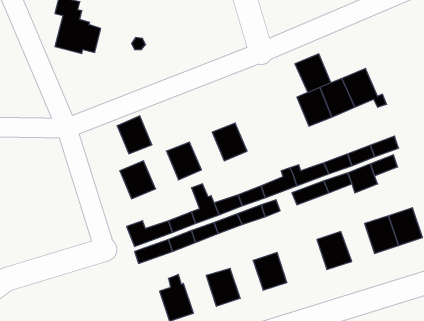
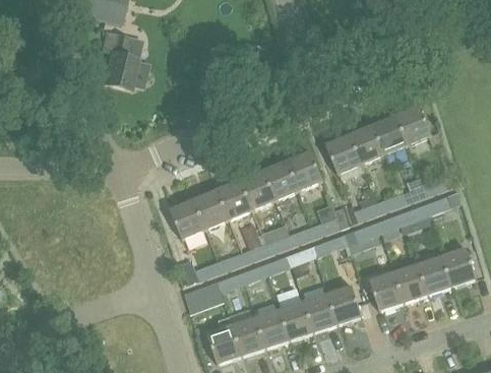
building: [295,54,331,93] -> [325,134,362,174]
building: none -> [287,150,323,189]
building: [117,116,152,154] -> [193,189,229,228]
building: none -> [240,170,275,208]
building: none -> [394,263,429,302]
building: none -> [329,285,364,323]
building: none -> [282,301,315,339]
building: none -> [234,316,267,355]

